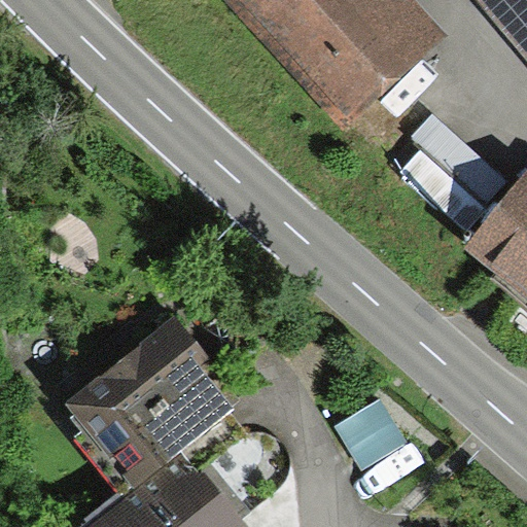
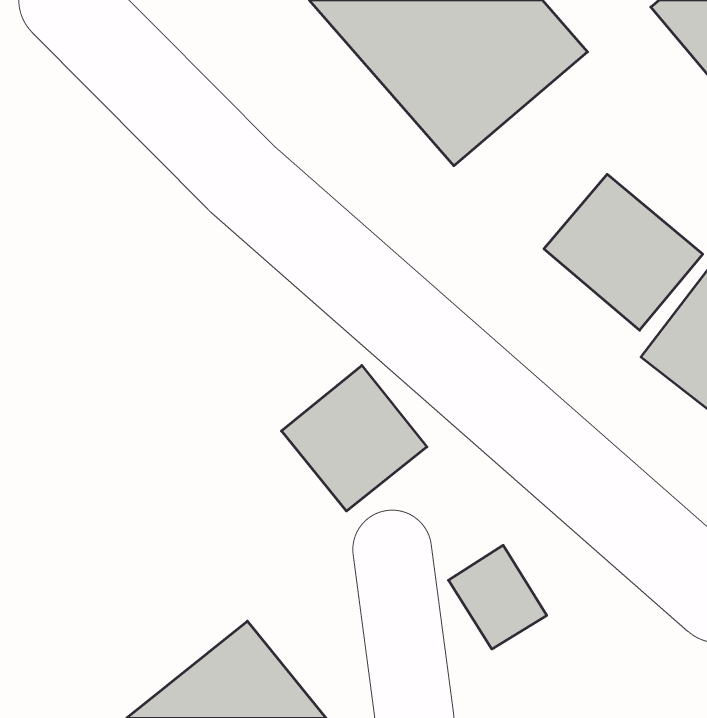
building: none -> [281,365,427,511]
building: [69,326,232,483] -> none

